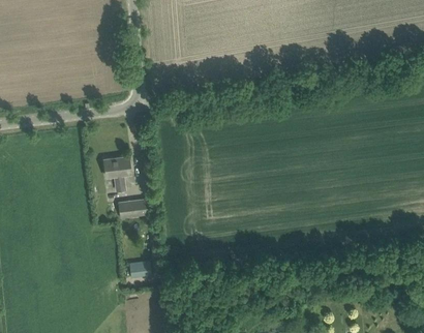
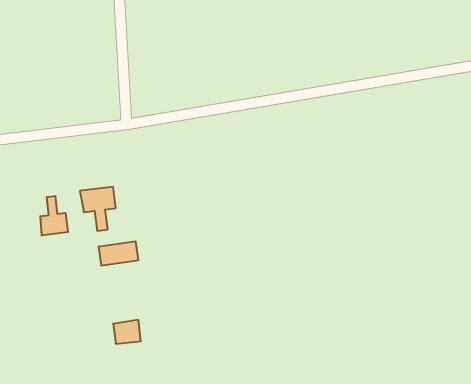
building: none -> [40,196,68,236]

